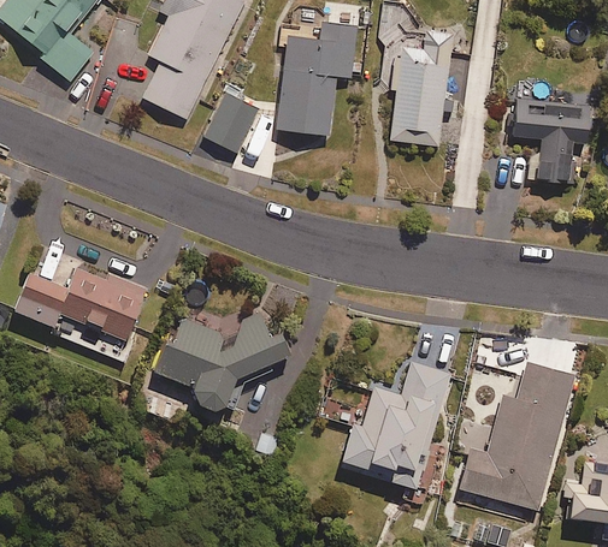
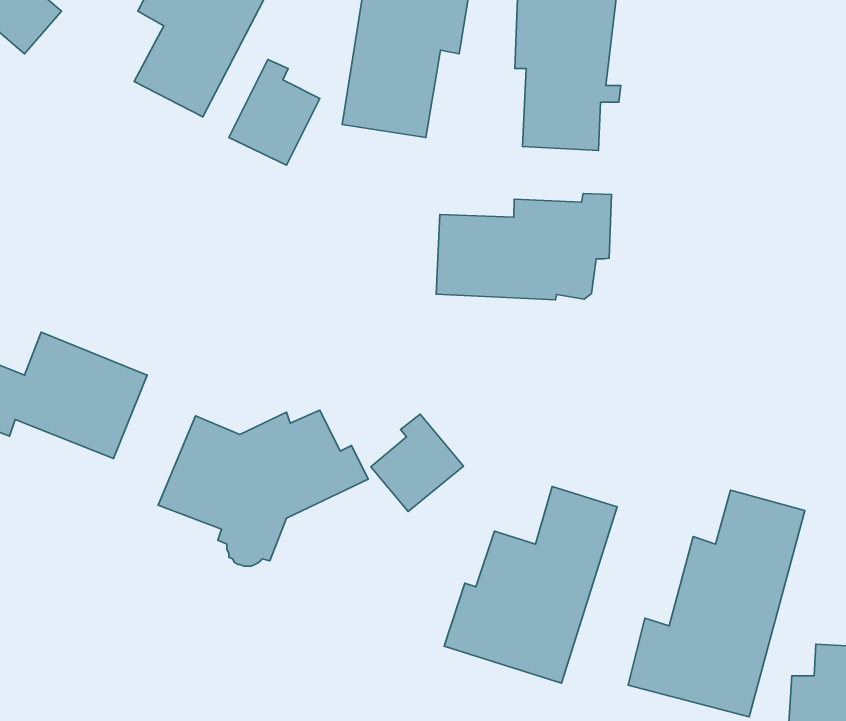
building: [508,101,586,185] -> none
building: none -> [436,193,611,300]
building: none -> [371,414,464,511]

